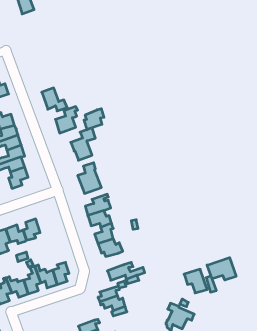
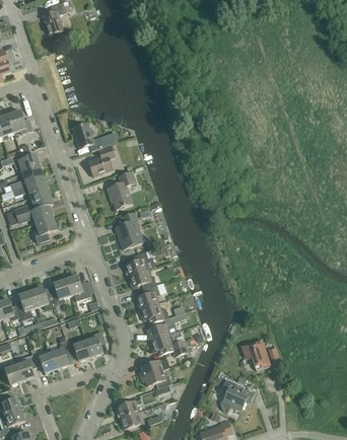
building: [84,109,104,130] -> none
building: none -> [65,275,92,300]
building: none -> [146,311,187,341]
building: [207,258,236,280] -> none

